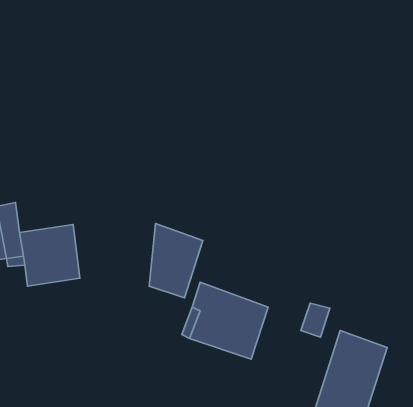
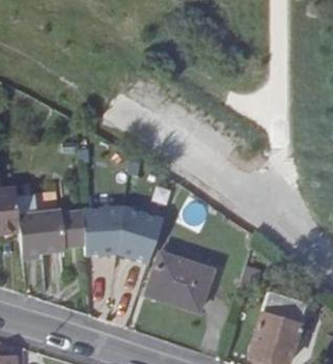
building: none -> [82,205,126,256]

